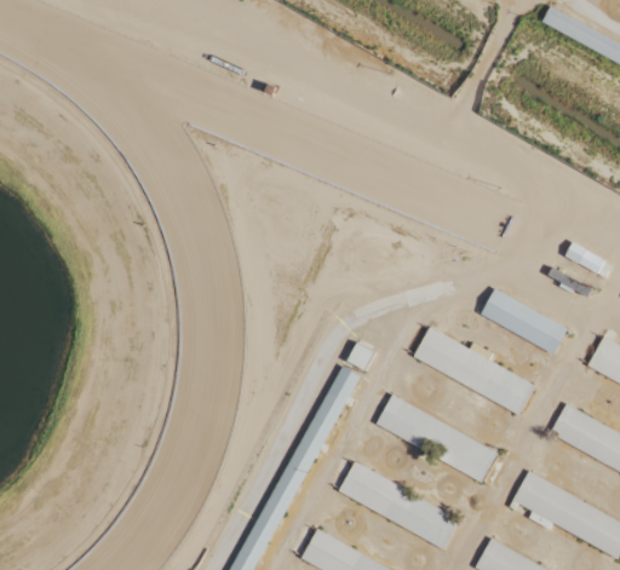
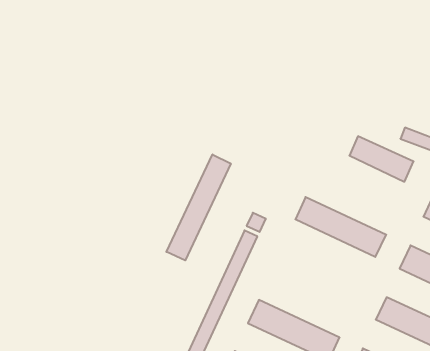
building: none -> [166,154,231,260]
building: [482,288,568,355] -> [349,136,414,182]
building: [375,393,498,483] -> none

